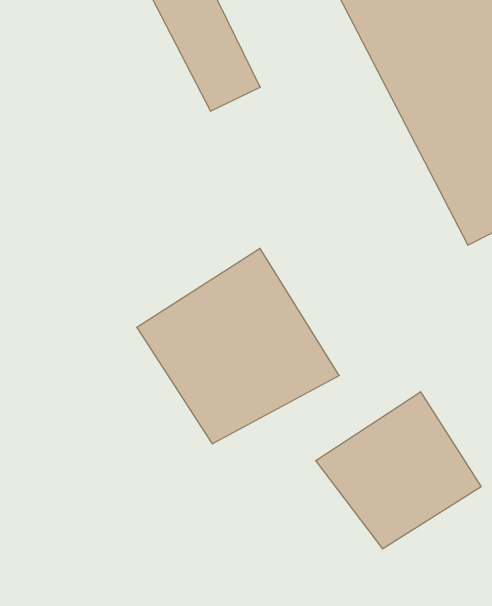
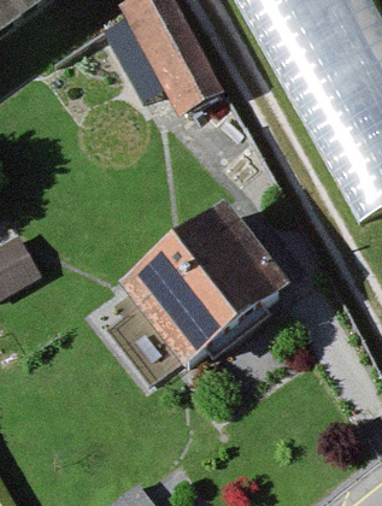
building: [316,392,481,549] -> none

